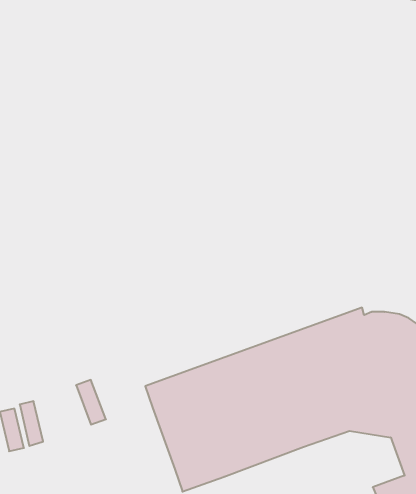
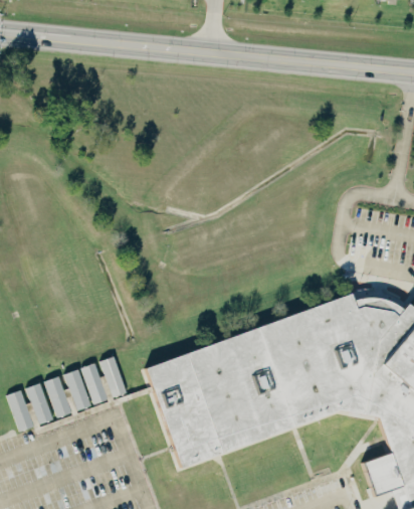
building: none -> [98,356,127,398]
building: none -> [64,369,88,411]
building: none -> [44,376,70,418]

